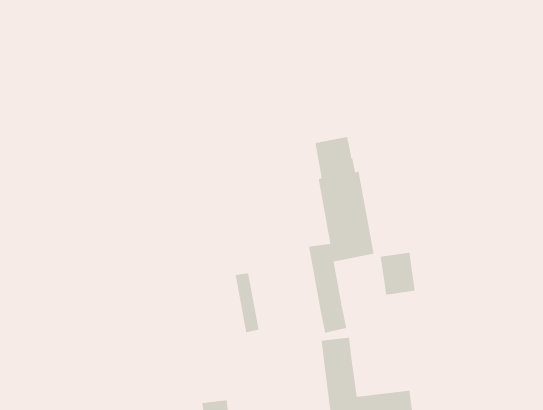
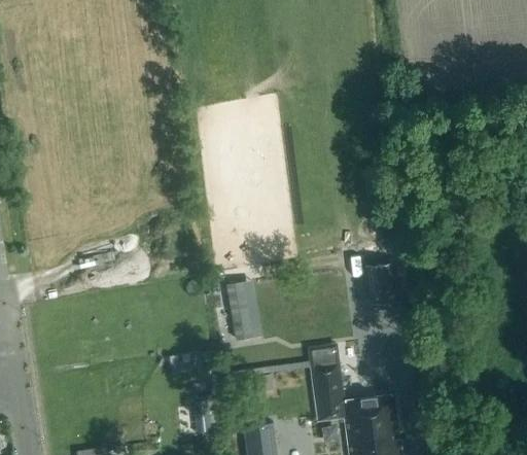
building: [308,136,374,333] -> none

